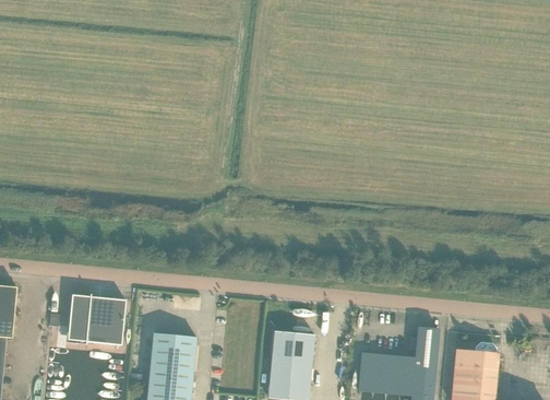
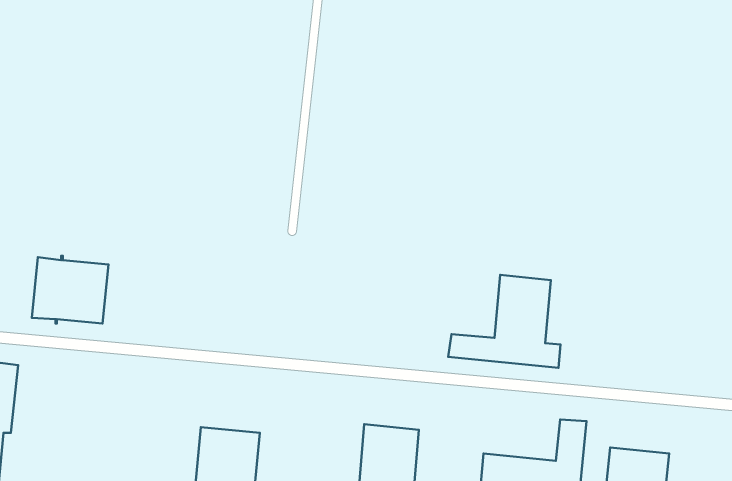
building: none -> [448,275,560,368]
building: [68,294,124,344] -> [32,256,108,324]

